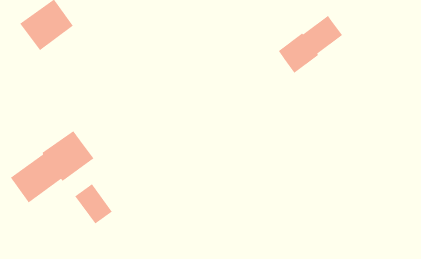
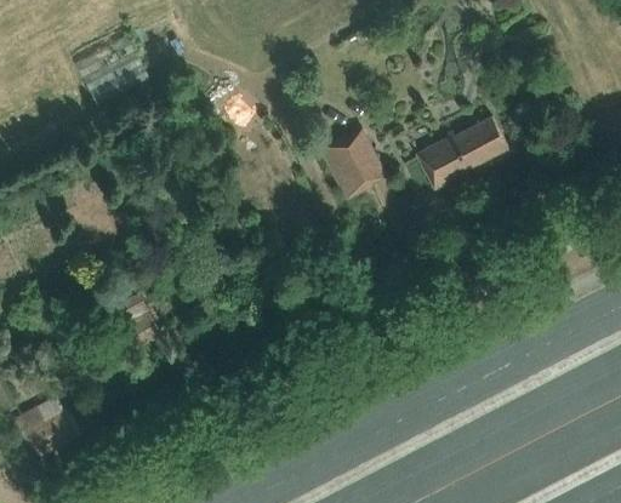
building: none -> [319,127,386,199]
building: [10,130,95,204] -> none

